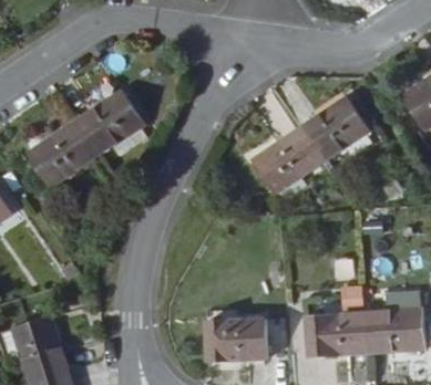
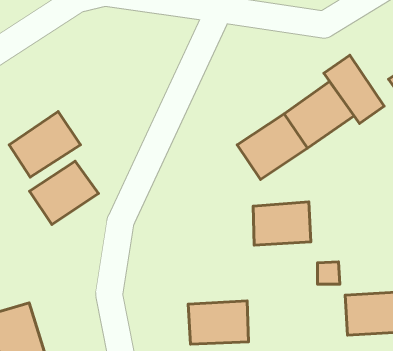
building: none -> [324,55,384,124]
building: [76,95,145,158] -> [29,161,98,225]
building: [307,308,365,351] -> [253,202,311,245]

